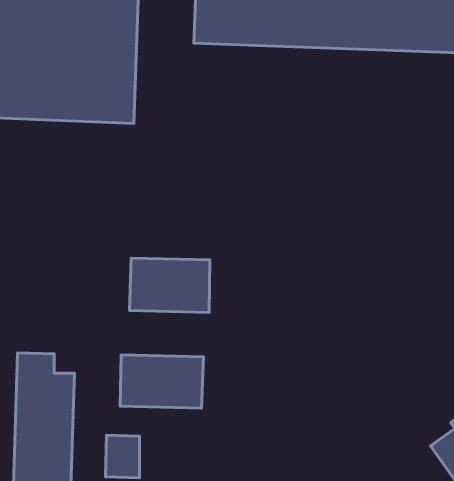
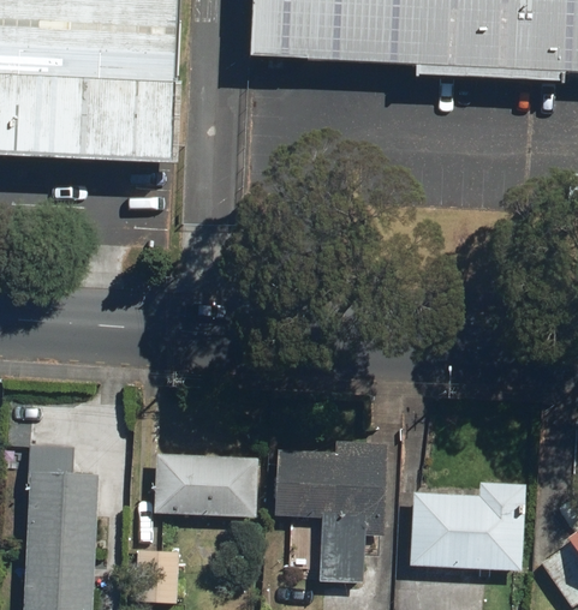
building: [130,258,210,312] -> none
building: none -> [274,437,388,580]
building: none -> [411,477,524,570]

